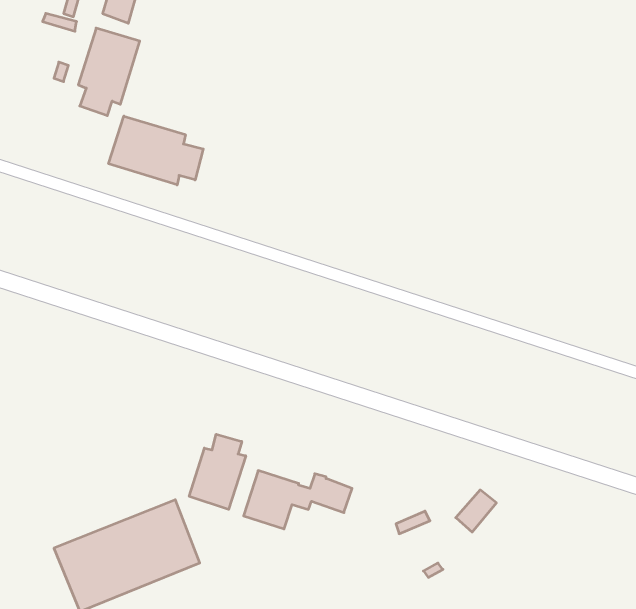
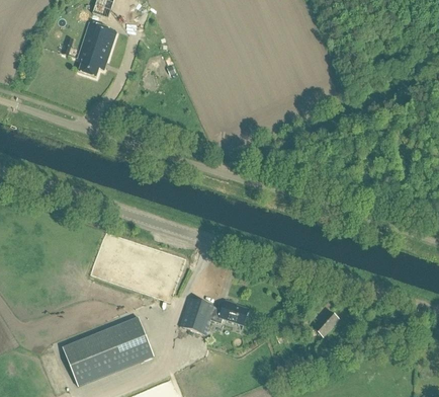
building: [109,116,203,185] -> none
building: [189,434,246,509] -> none

